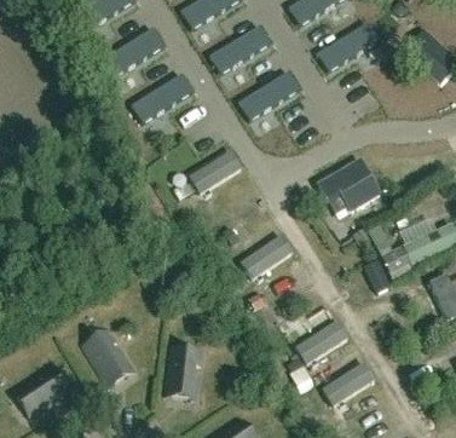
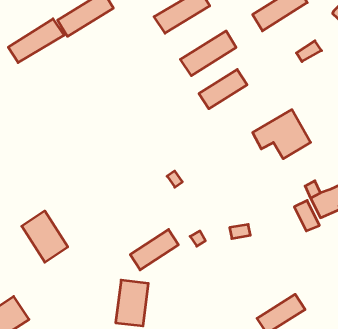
building: [132,73,194,121] -> [8,19,64,63]
building: [190,150,243,194] -> [199,69,247,109]
building: [241,234,294,278] -> [130,229,178,270]
building: [296,319,350,363] -> none
building: [85,328,135,385] -> [22,211,68,262]

